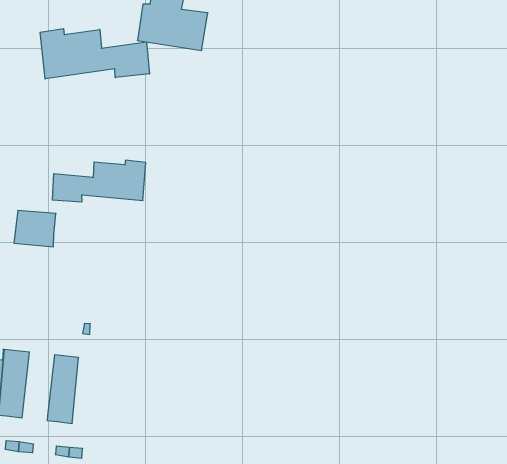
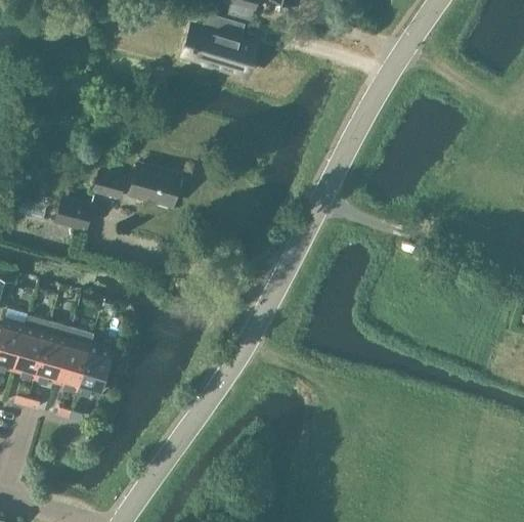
building: [40,29,149,79] -> none
building: none -> [33,320,71,383]
building: none -> [76,333,112,395]

